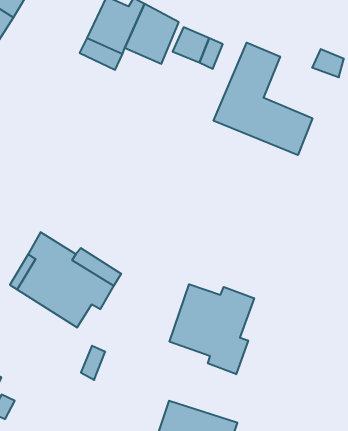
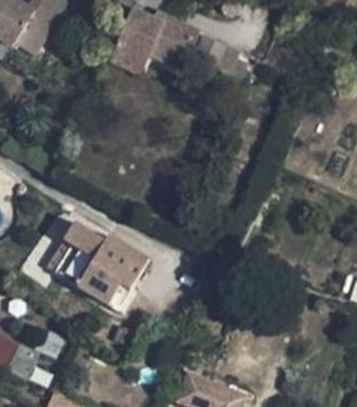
building: [214,43,312,155] -> none
building: [170,284,254,374] -> none

